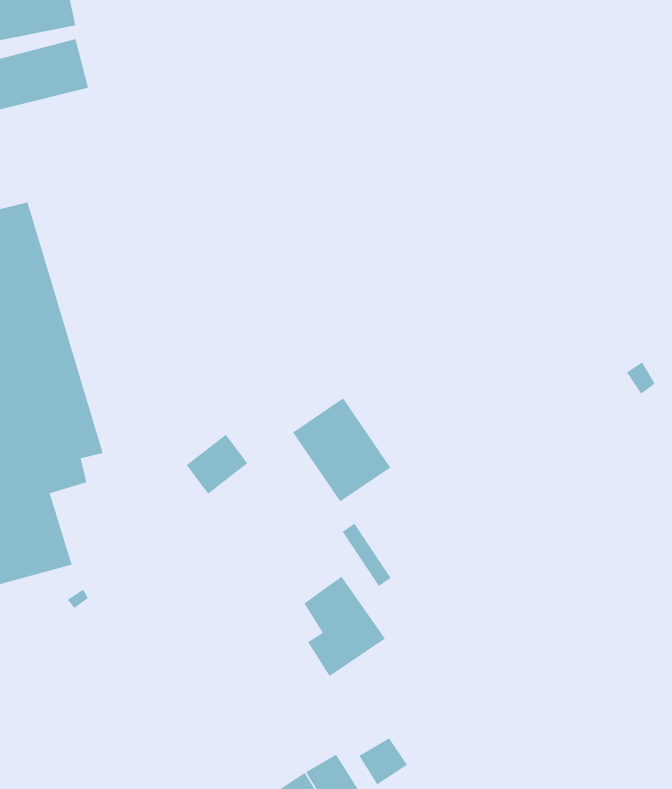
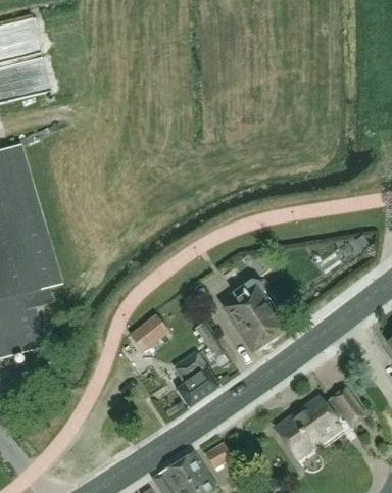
building: [292,398,391,502] -> [225,290,280,348]
building: [186,434,248,494] -> [131,315,165,349]
building: none -> [275,388,363,457]

